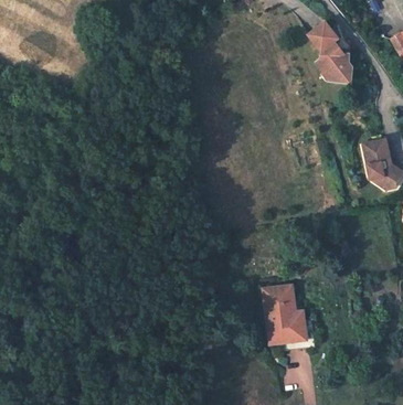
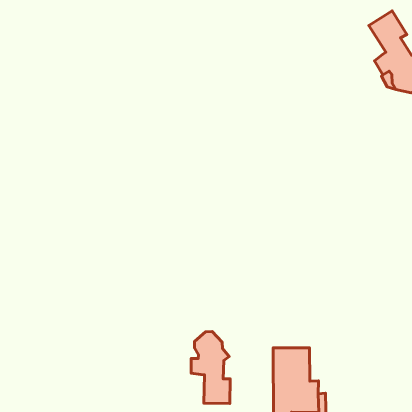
building: none -> [191,332,230,404]

